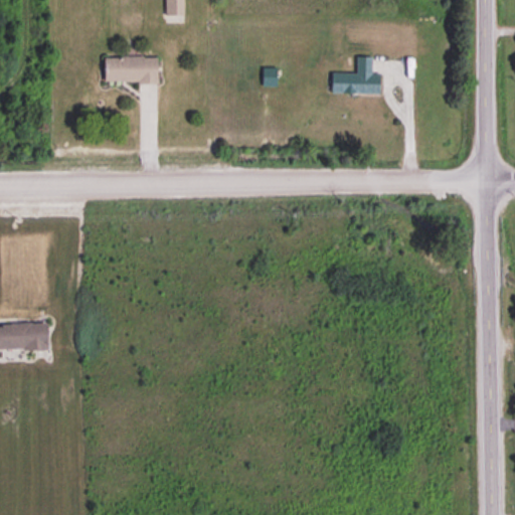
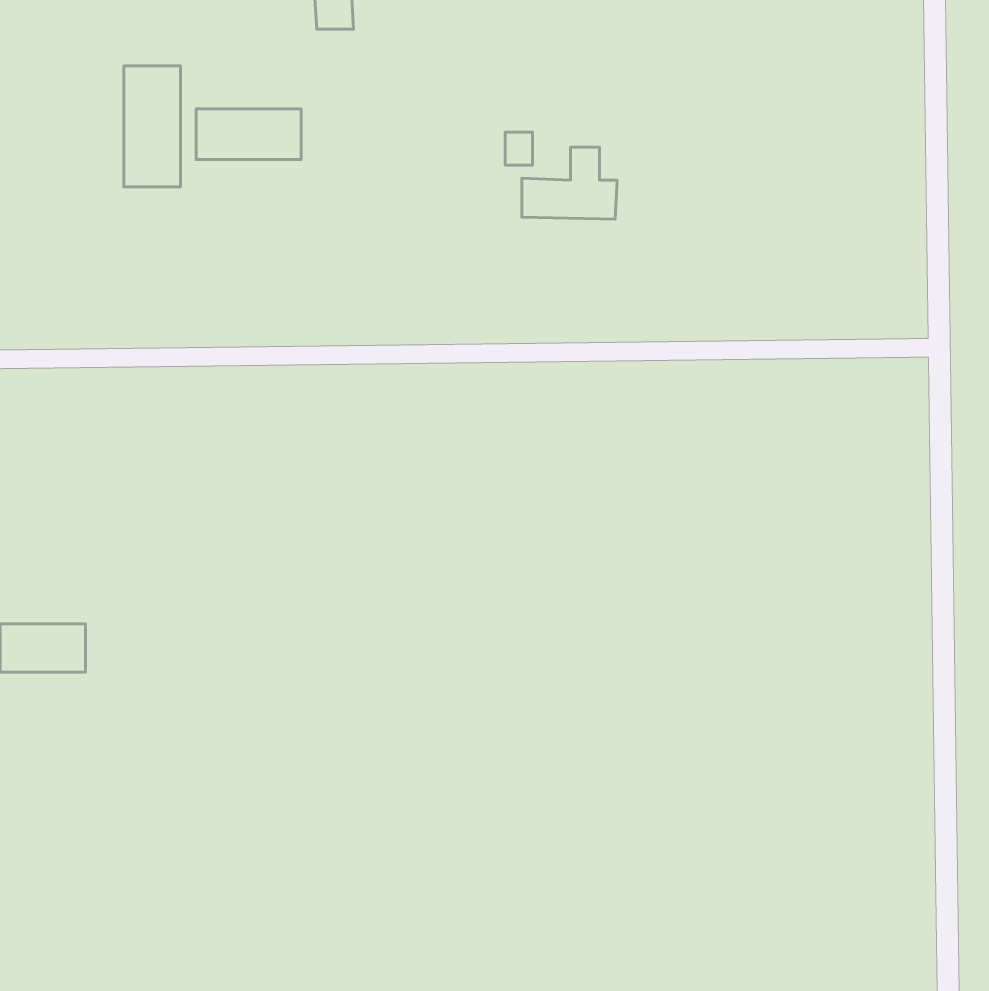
building: none -> [124,66,181,187]
building: [332,56,381,94] -> [522,147,617,219]

